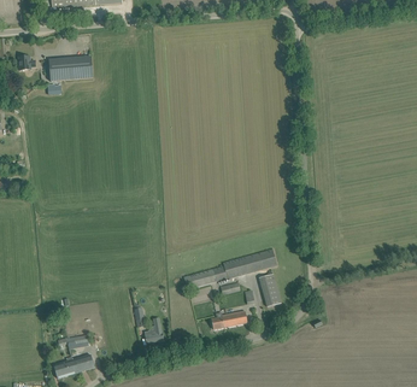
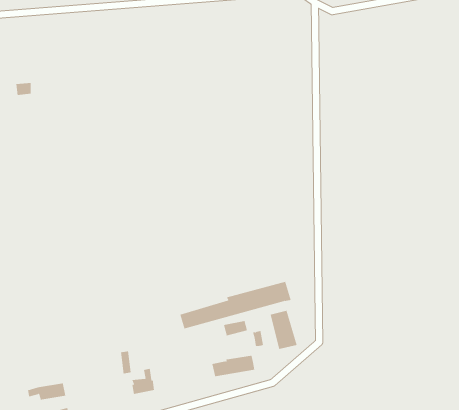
building: [48,55,92,81] -> none

